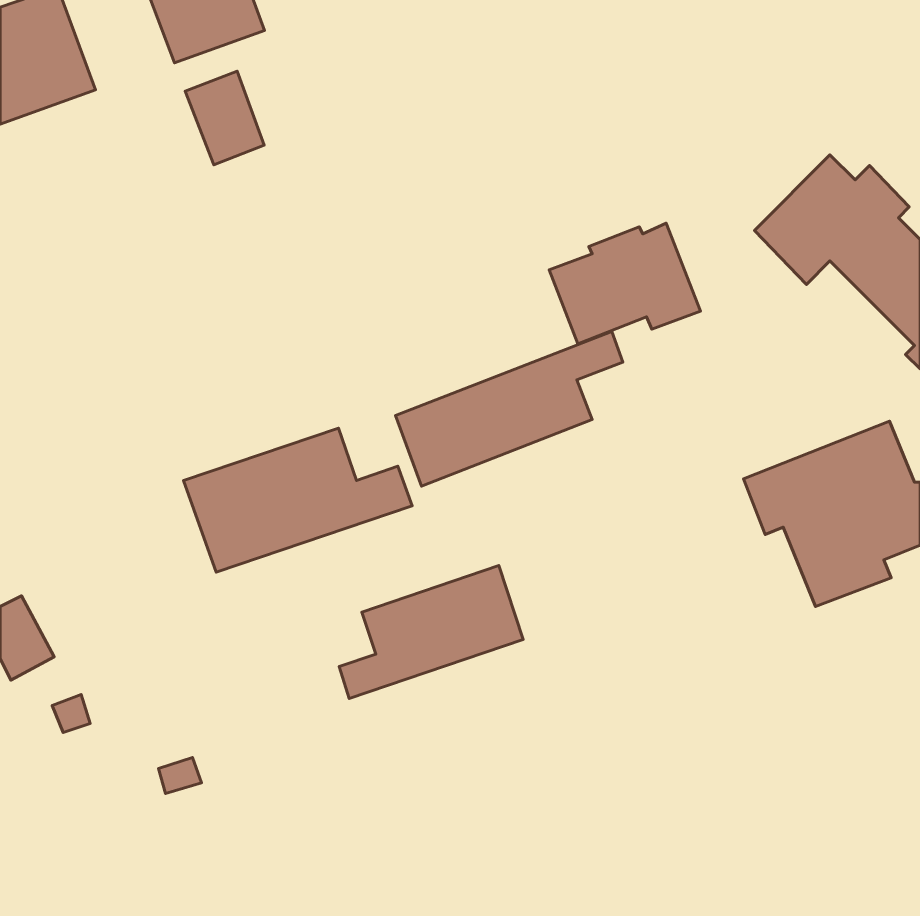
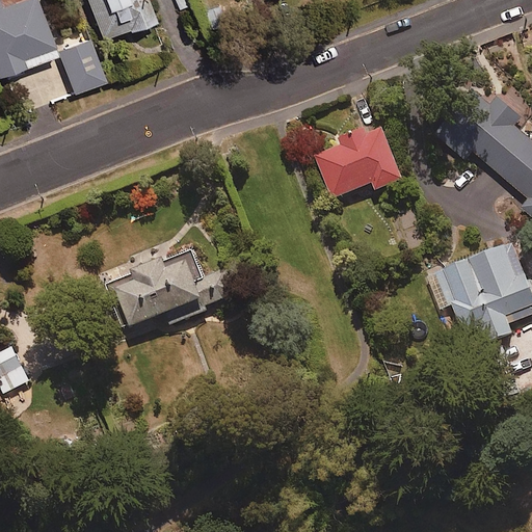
building: [185,71,264,165] -> [58,35,104,89]
building: [395,332,623,486] -> none
building: [339,565,523,699] -> none

